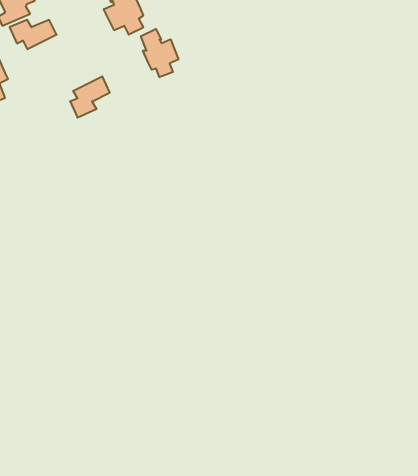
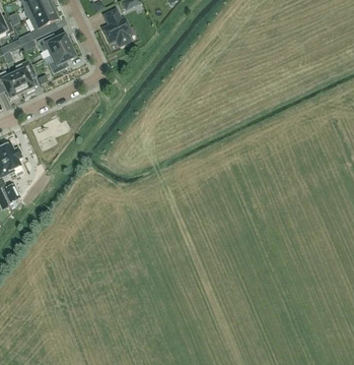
building: [141,29,178,77] -> none
building: [70,76,110,118] -> [48,45,75,73]

